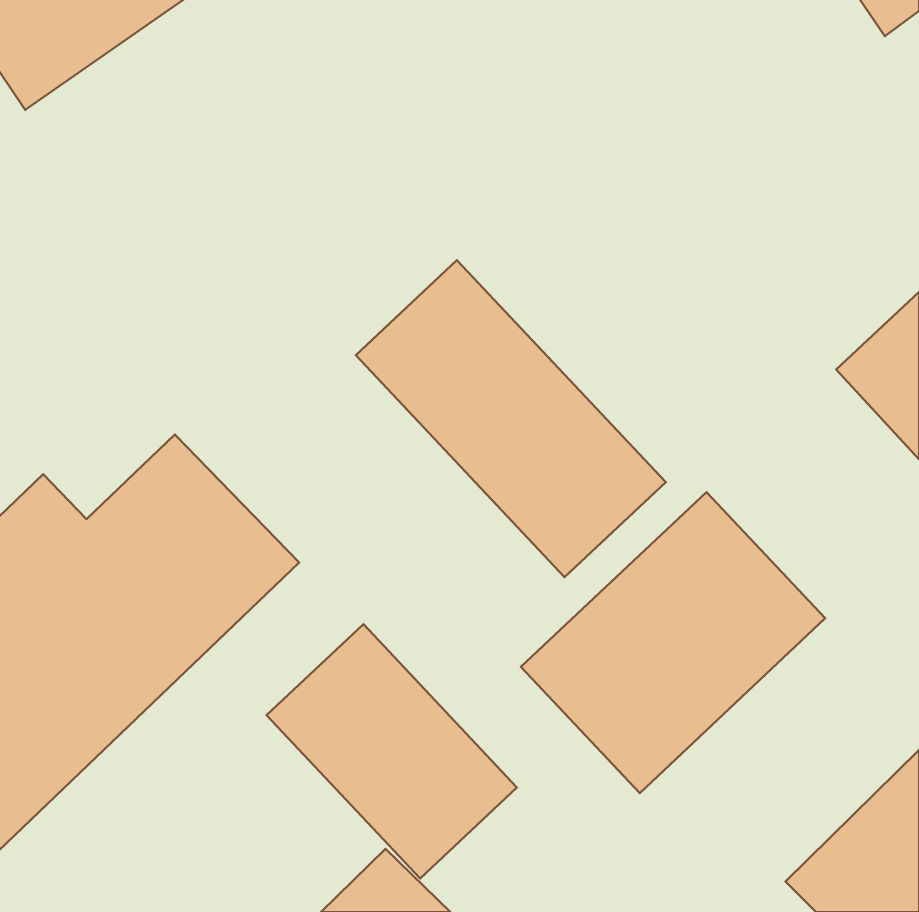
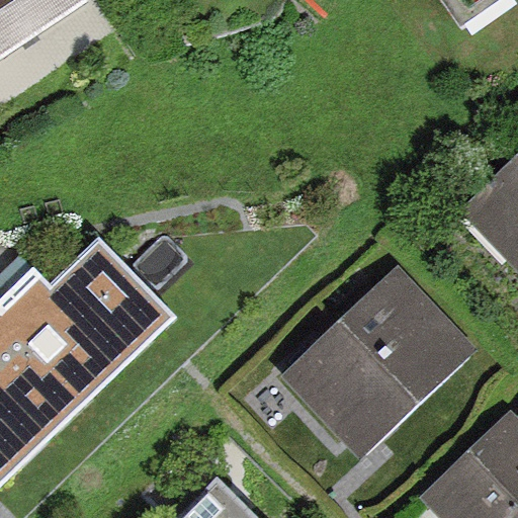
building: [356,260,666,577] -> none
building: [266,624,517,878] -> none

